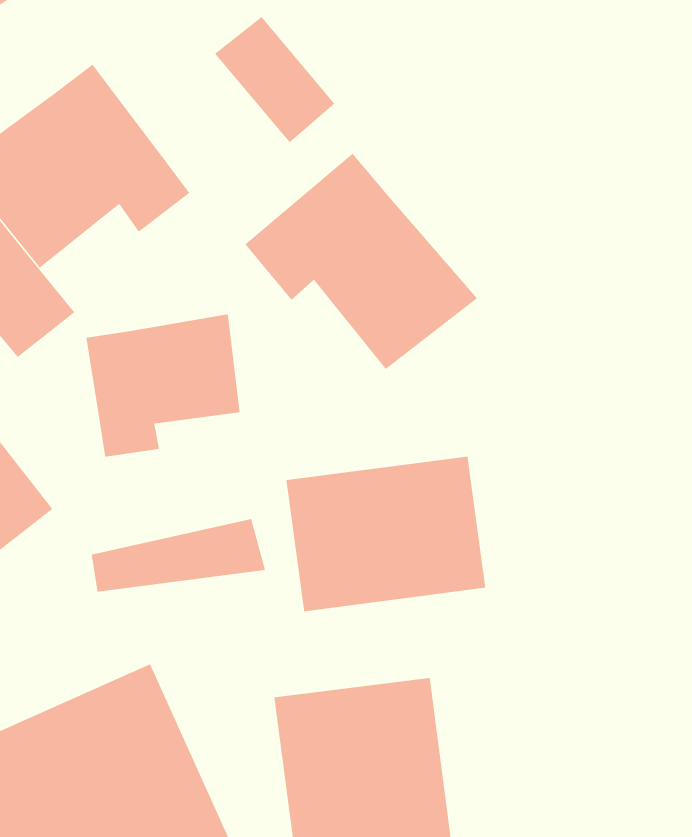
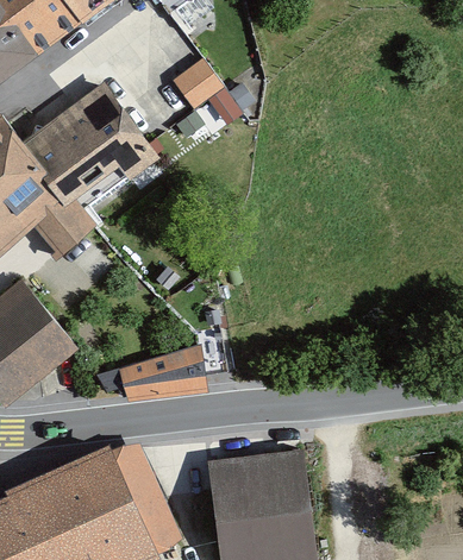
building: [245,153,478,370] -> none
building: [86,314,240,458] -> none
building: [286,456,486,612] -> none

